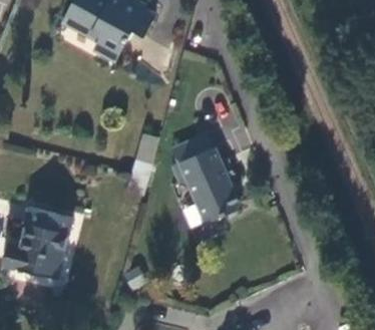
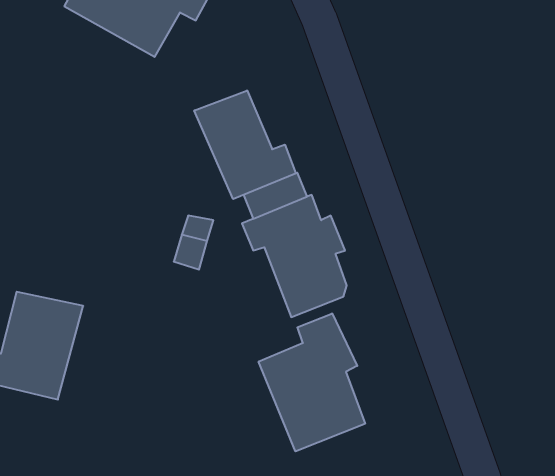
building: none -> [194,90,296,199]
building: none -> [259,313,365,451]

